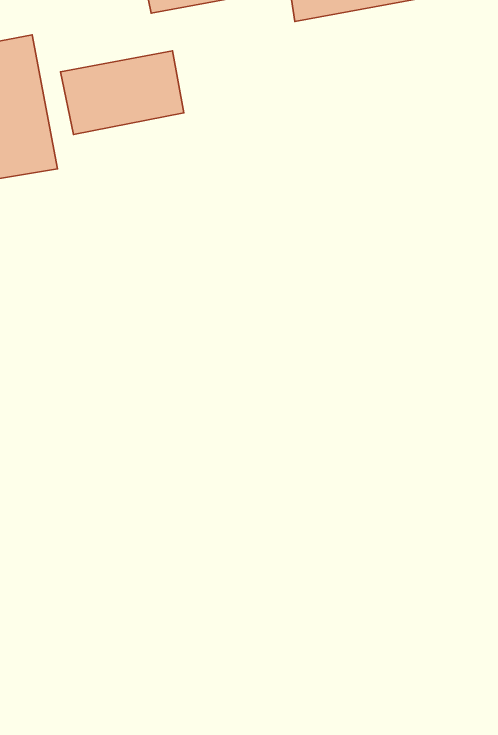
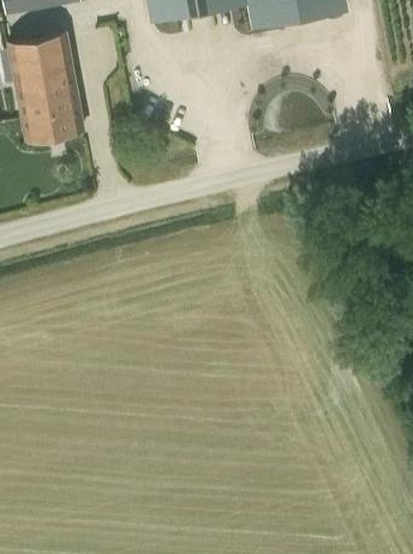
building: [60,51,184,134] -> none

